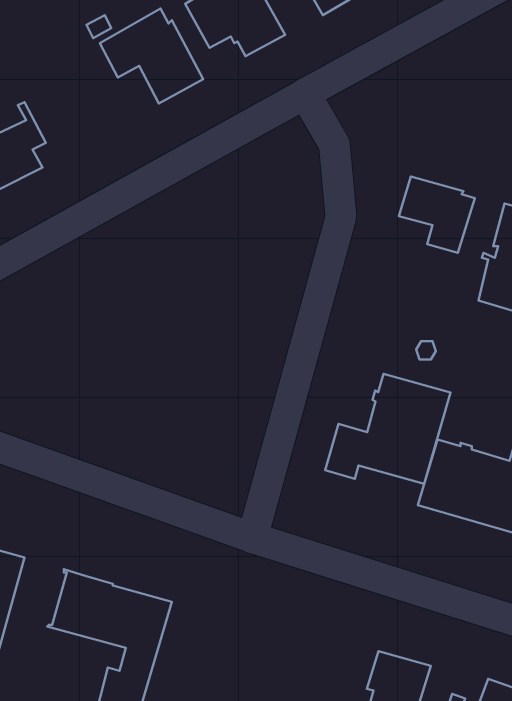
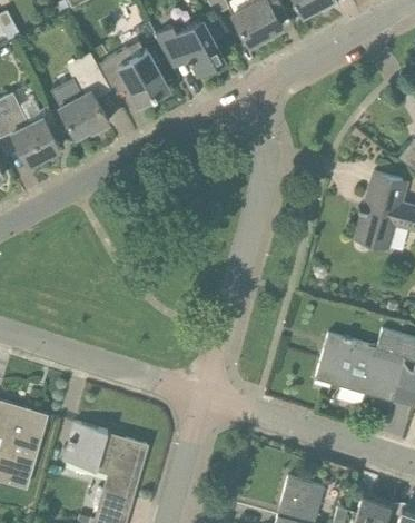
building: none -> [50,65,112,139]
building: [399,176,475,253] -> none
building: [325,374,451,484] -> none

